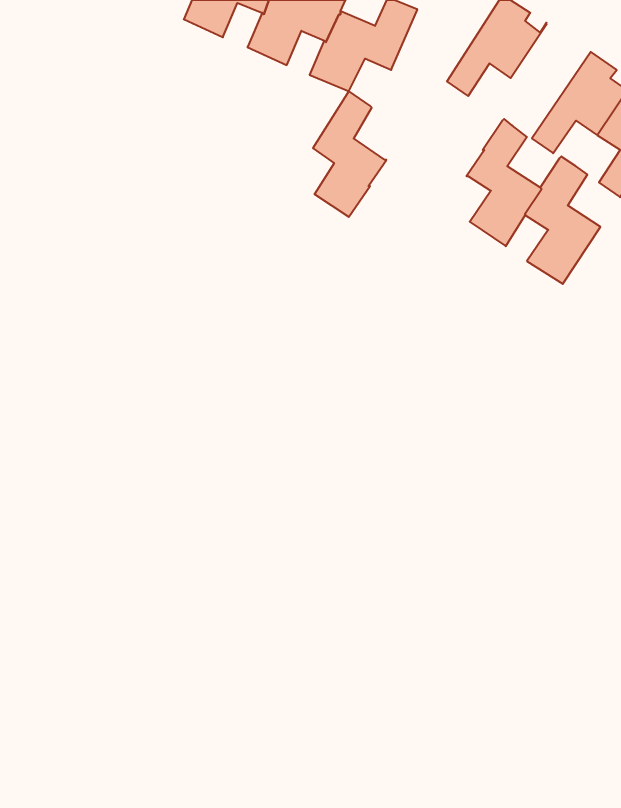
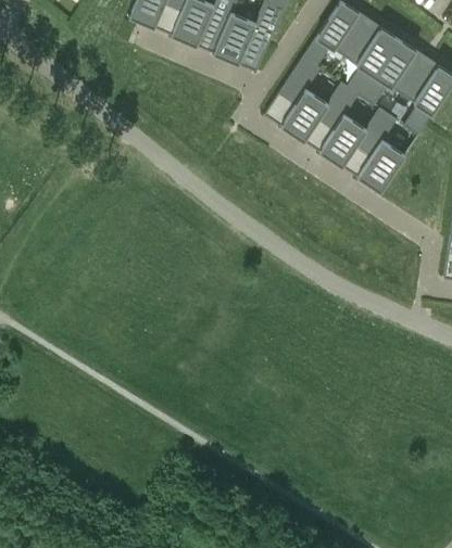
building: none -> [346,20,399,95]
building: [313,91,386,217] -> [279,58,328,141]

